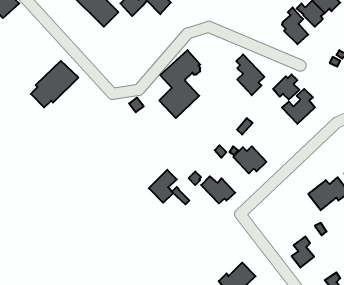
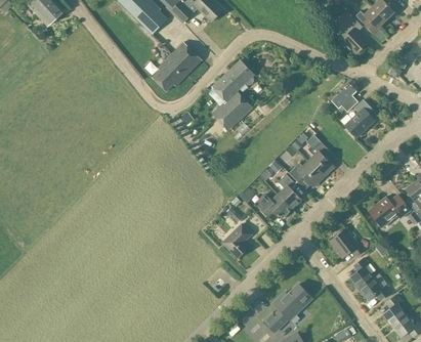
building: [236,54,264,95] -> [307,134,337,177]
building: [31,61,78,107] -> [152,42,202,91]
building: none -> [277,173,301,210]
building: [149,170,177,203] -> [222,223,252,258]
building: none -> [330,228,366,257]
building: none -> [360,277,391,300]

